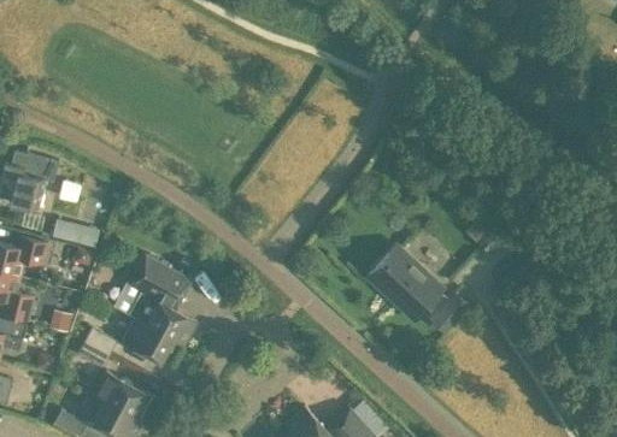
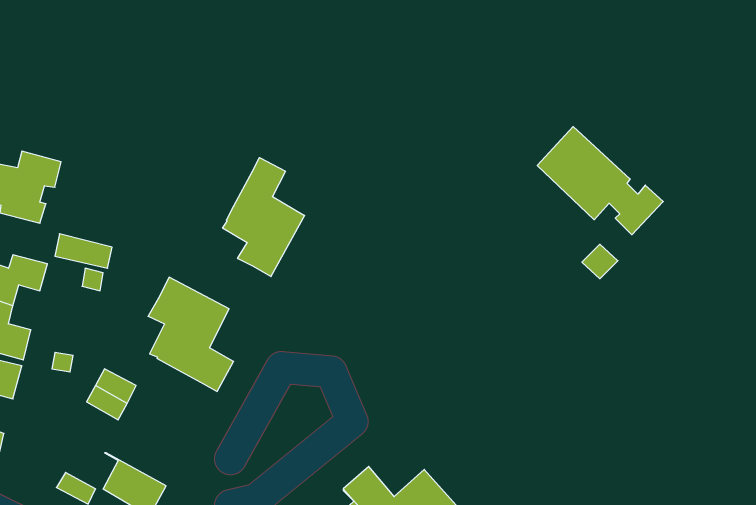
building: none -> [223,158,305,277]
building: [366,246,468,332] -> [537,127,663,235]
building: [121,319,171,362] -> none
building: [93,371,143,421] -> none

